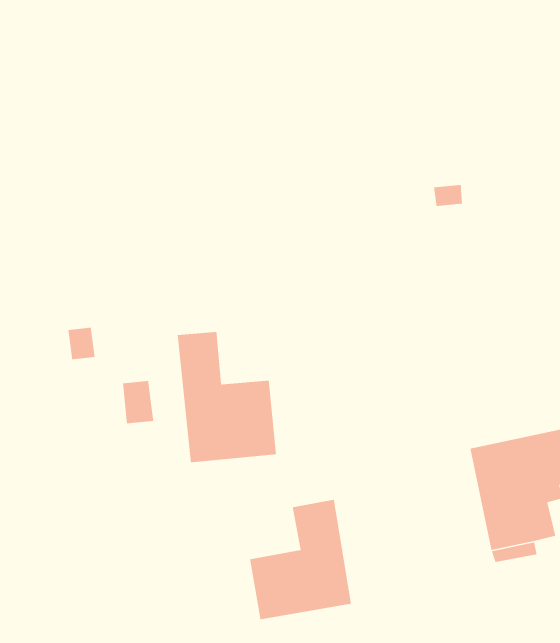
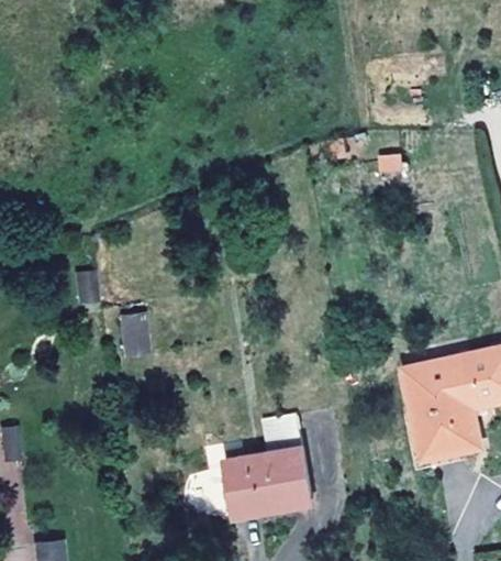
building: [177,331,277,463] -> none

